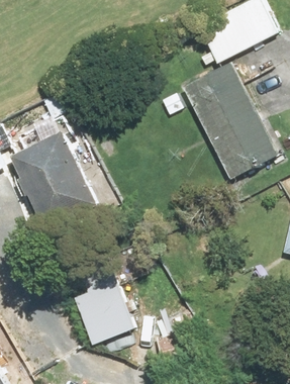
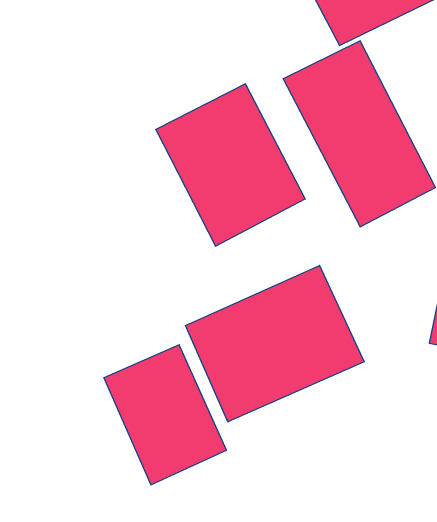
building: [9,123,105,227] -> [156,84,305,246]
building: none -> [185,265,364,422]

